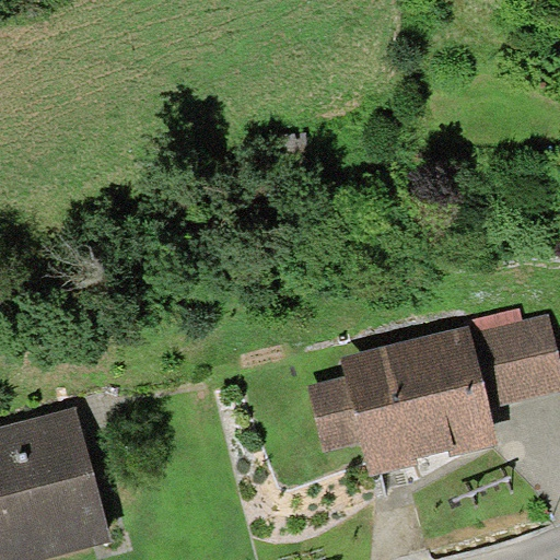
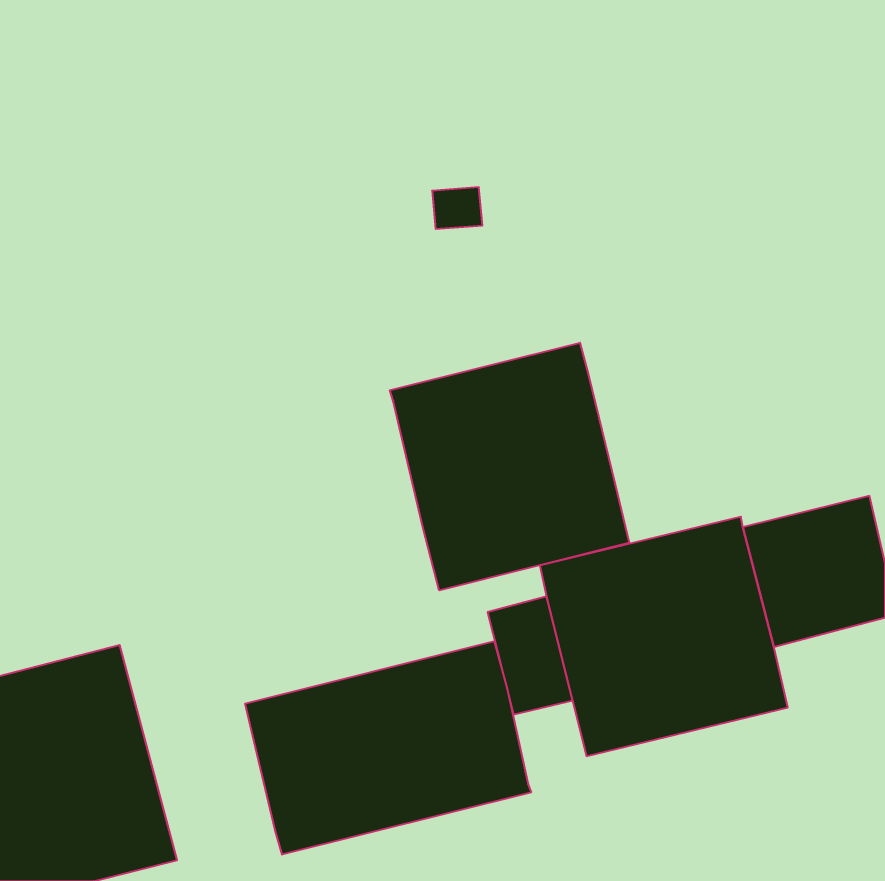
building: none -> [390,343,629,590]
building: none -> [245,641,531,855]

